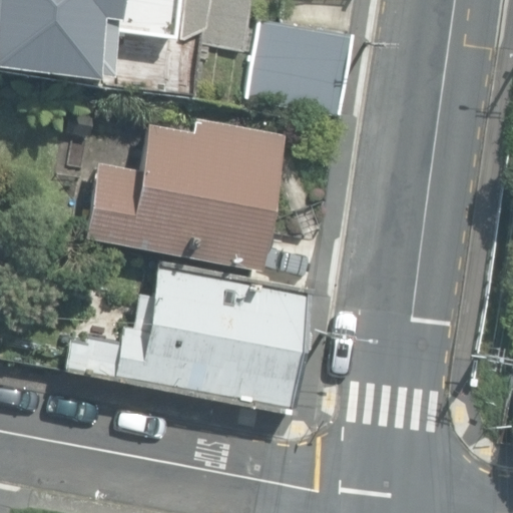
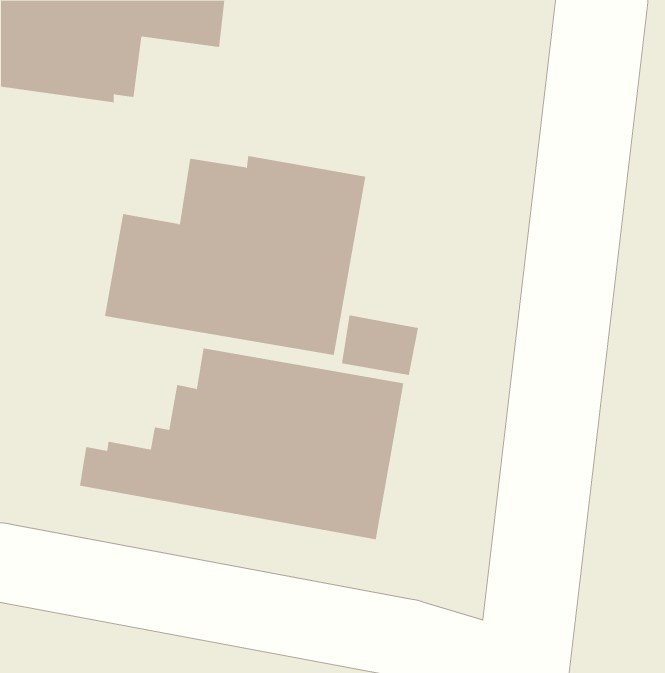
building: [243,18,353,115] -> none

